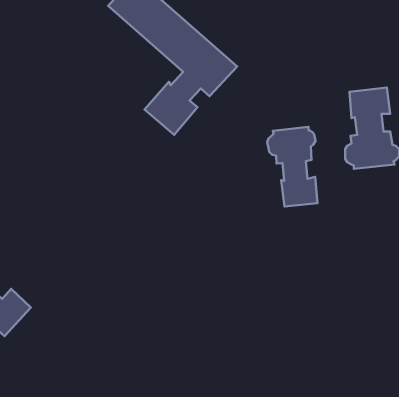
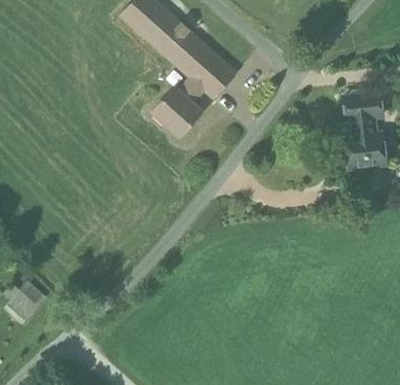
building: [267,127,317,206] -> none

